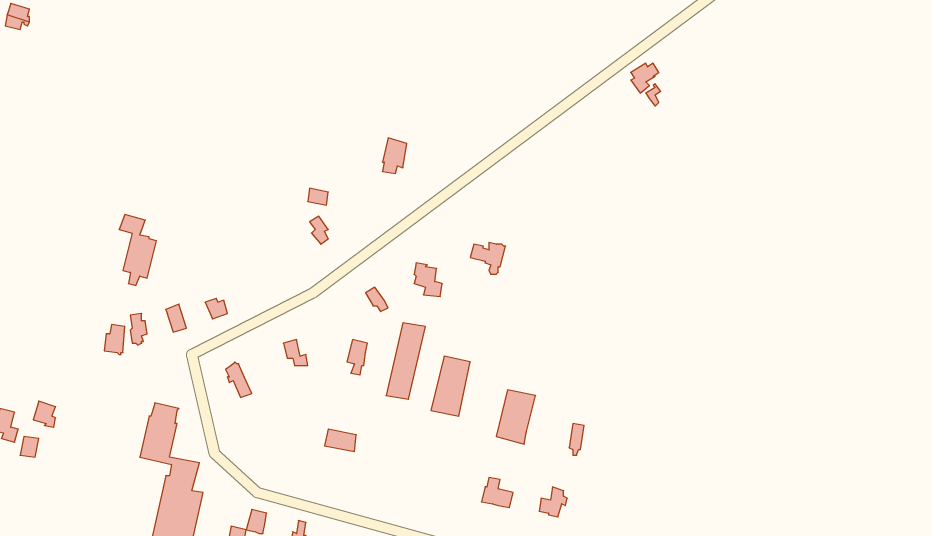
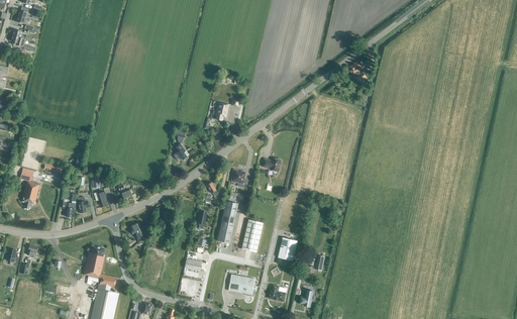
building: [119,215,156,285] -> [19,170,39,208]
building: none -> [228,274,256,296]

